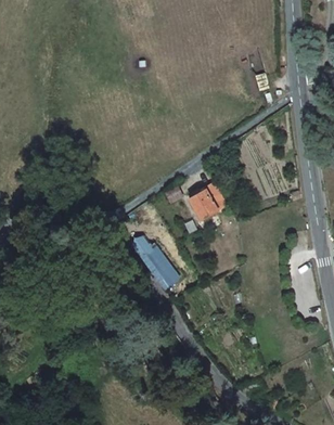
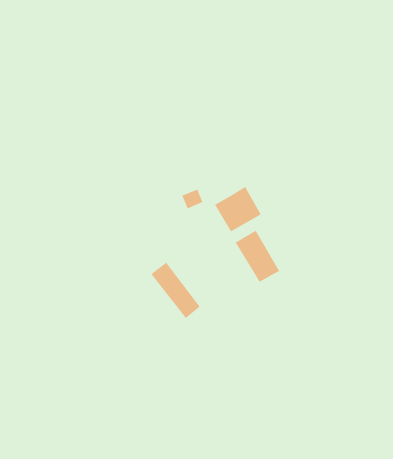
building: none -> [235,230,280,283]

